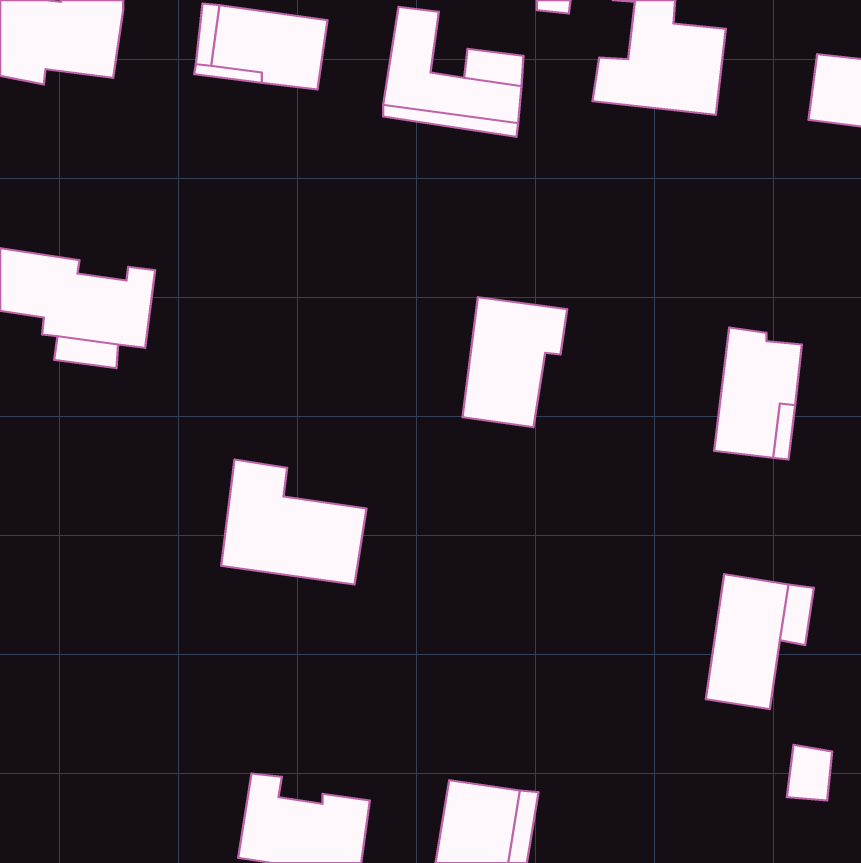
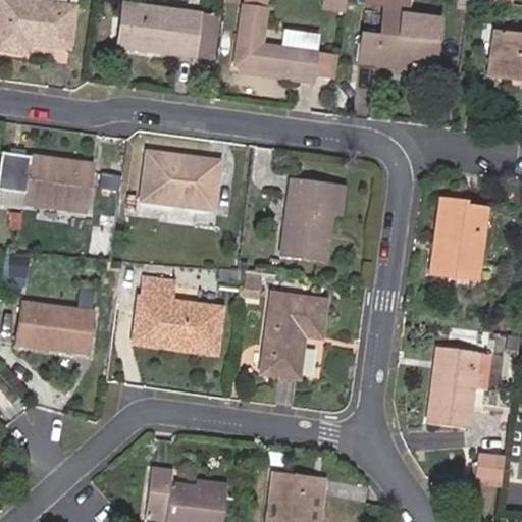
building: none -> [193,12,220,58]
building: none -> [141,153,218,209]
building: none -> [262,293,324,378]
building: none -> [16,301,93,352]

